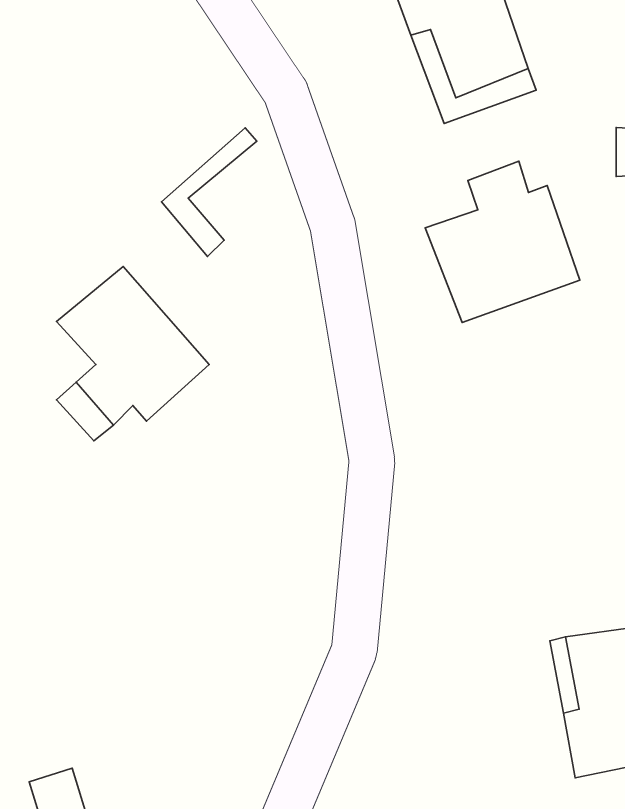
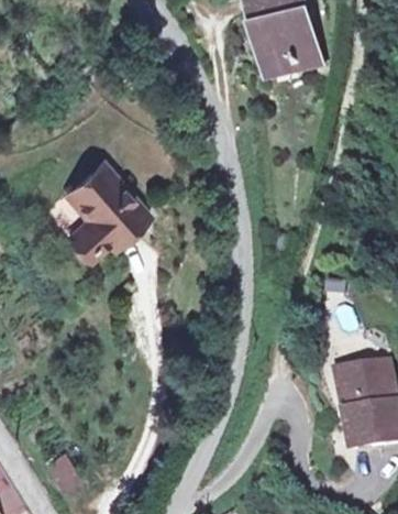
building: [161,128,257,256] -> none
building: [425,161,580,323] -> none

